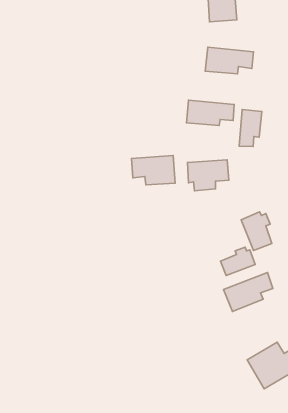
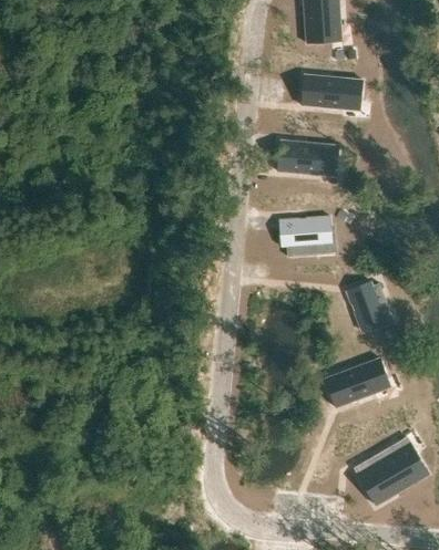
building: [239,110,262,147] -> none
building: [132,156,175,185] -> none
building: [220,247,255,276] -> none

